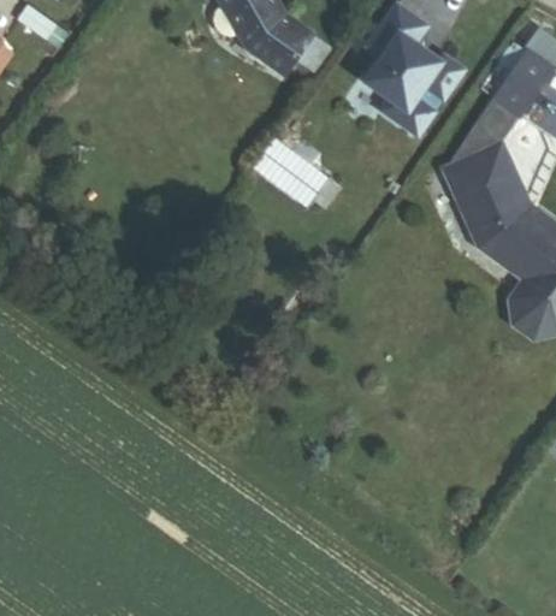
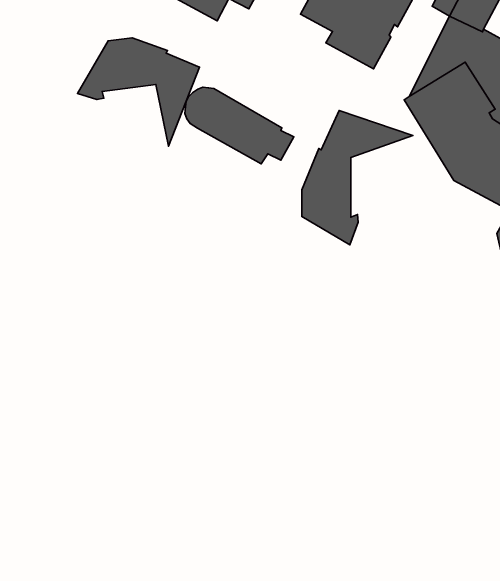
building: none -> [77,38,199,146]
building: none -> [302,111,413,245]

